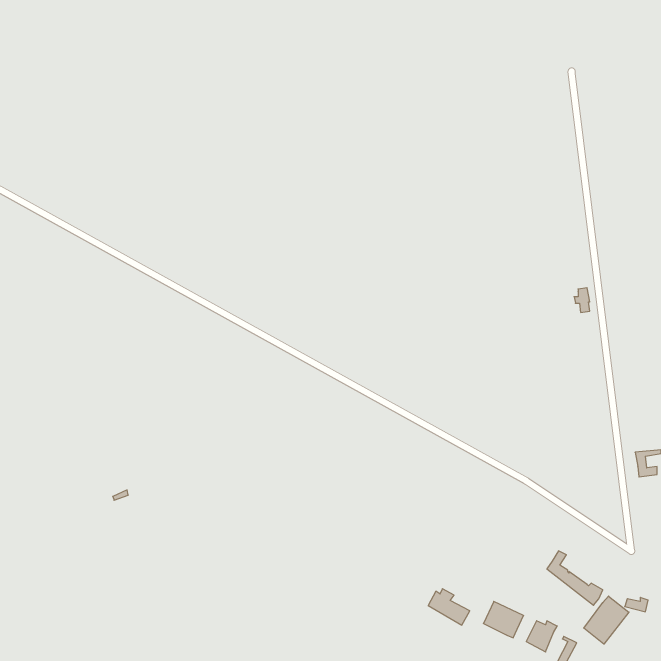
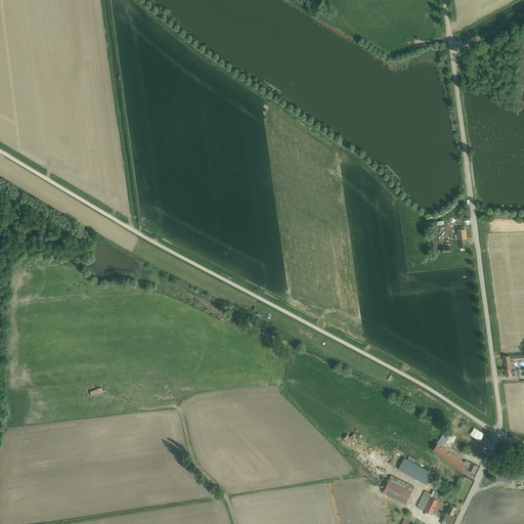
building: [428,589,470,625] -> [397,456,430,485]
building: [584,596,629,644] -> none

